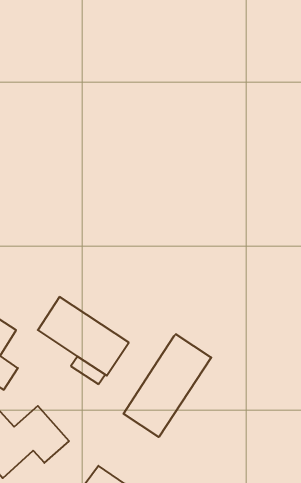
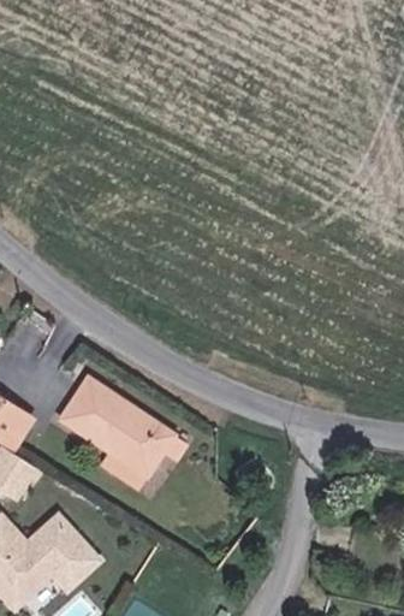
building: [124,334,211,437] -> none

